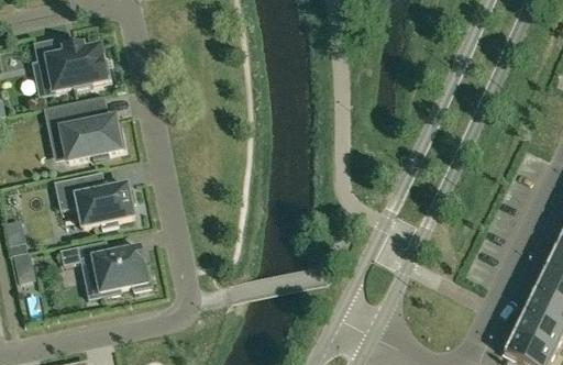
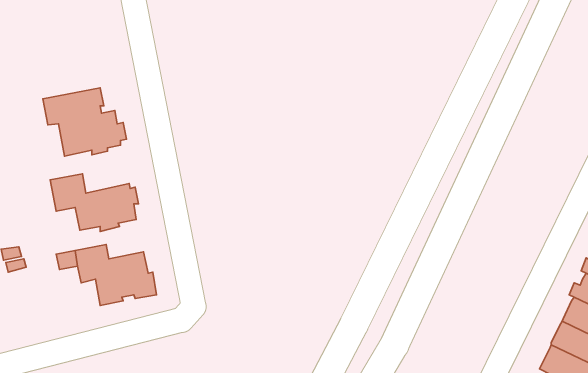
building: [33,36,110,89] -> none

